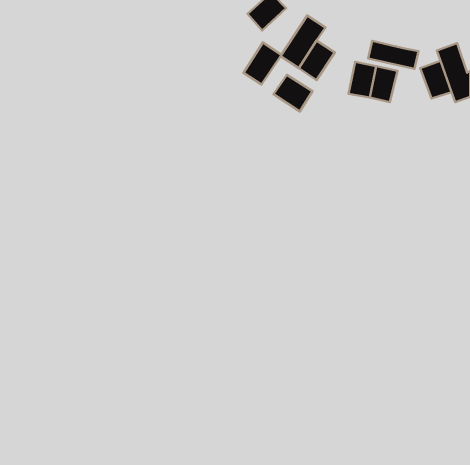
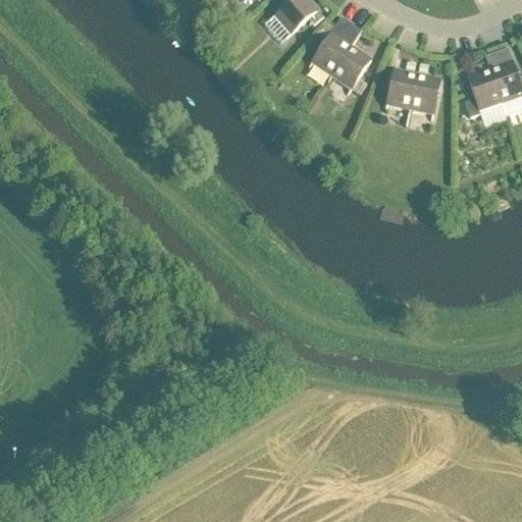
building: [368,41,419,69] -> none
building: [243,43,281,84] -> none
building: [273,75,313,112] -> none

